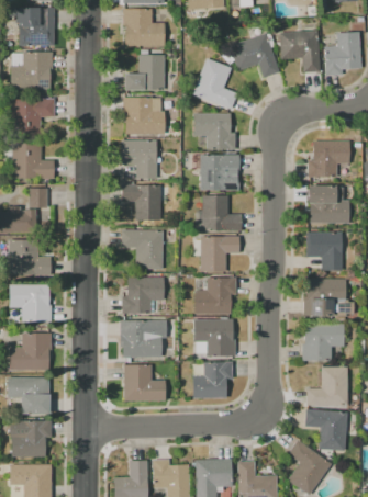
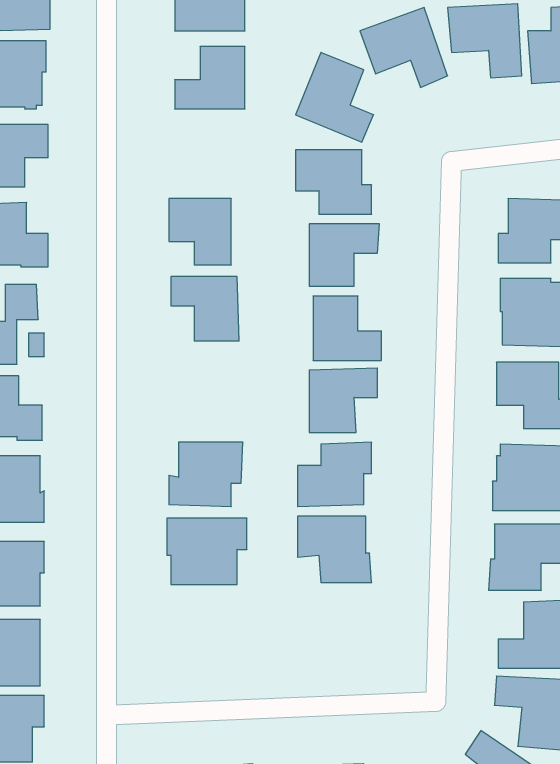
building: [124,97,165,134] -> none
building: [122,230,163,270] -> none
building: [193,361,233,398] -> none
building: [125,365,166,400] -> none

